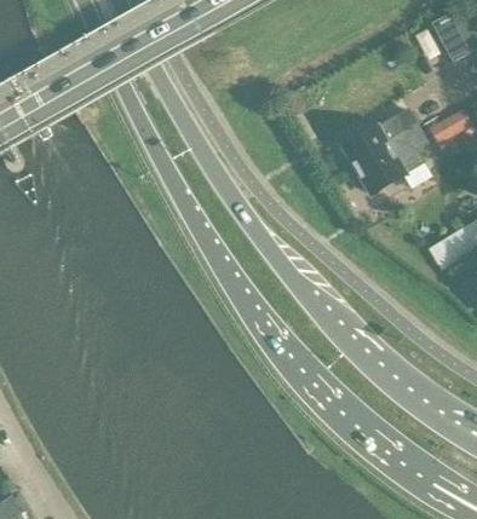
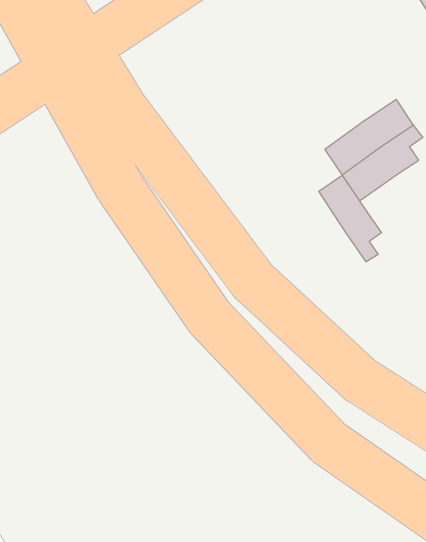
building: none -> [319,175,382,262]

